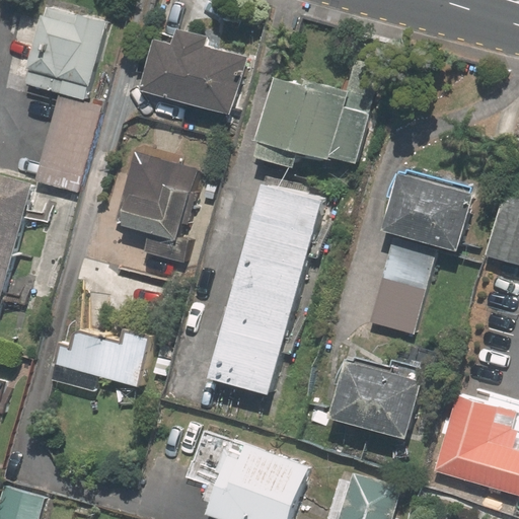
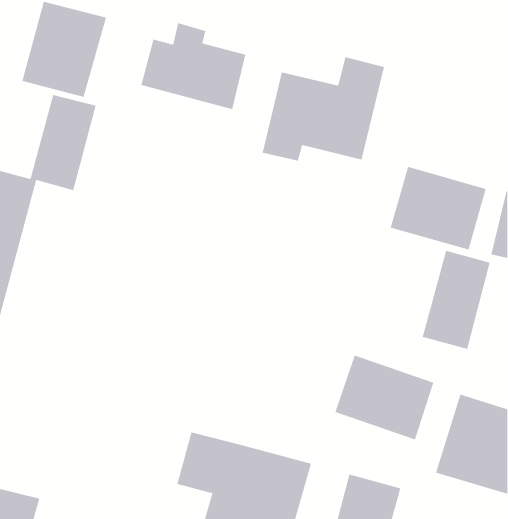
building: [110,148,206,268] -> none
building: [211,181,327,395] -> none
building: [362,239,430,338] -> [422,250,491,350]
building: [54,323,159,393] -> none

